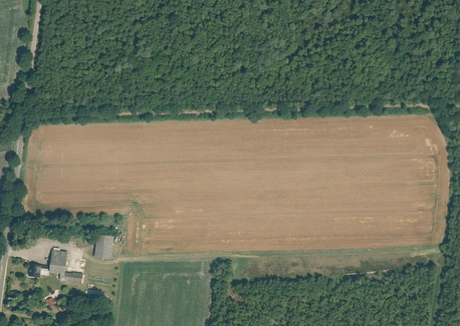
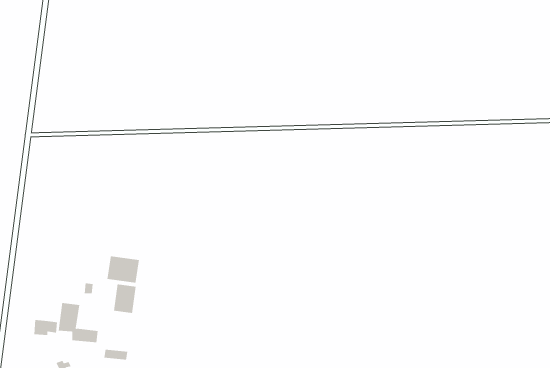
building: none -> [107,256,139,284]

